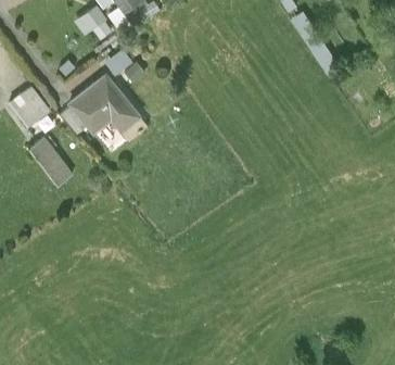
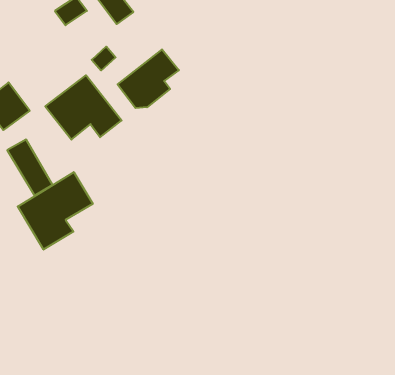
building: none -> [118,49,179,108]
building: none -> [18,172,93,250]

